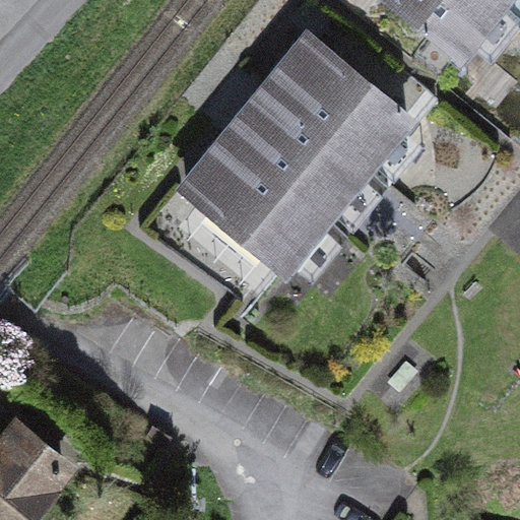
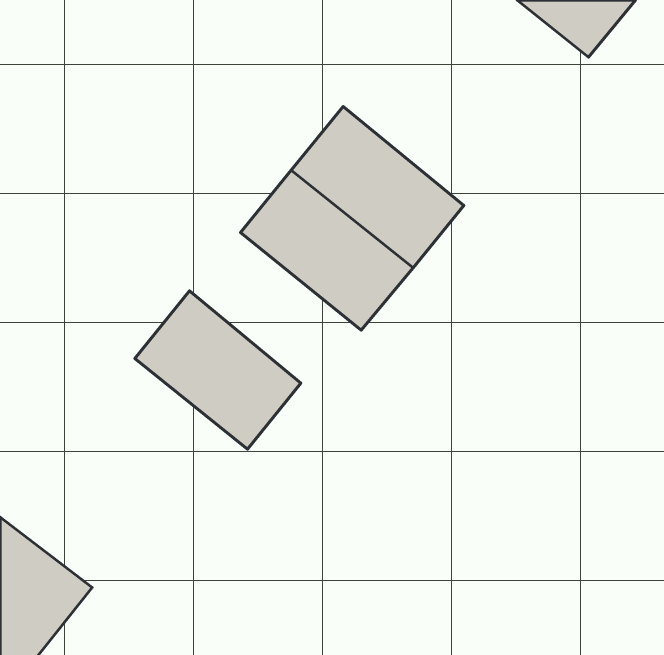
building: [268,42,402,168] -> none
building: none -> [135,291,301,449]

